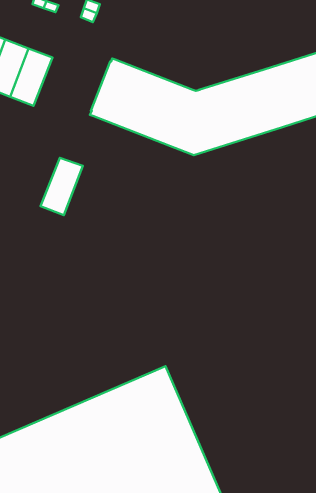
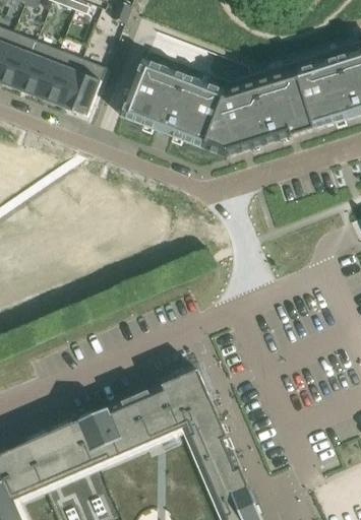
building: [41,158,83,215] -> [64,59,107,117]

